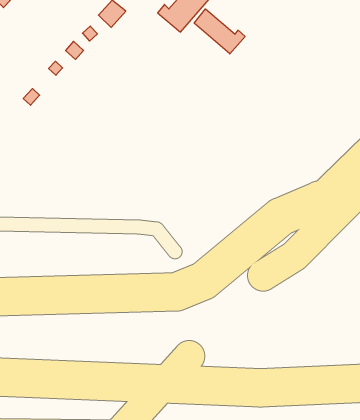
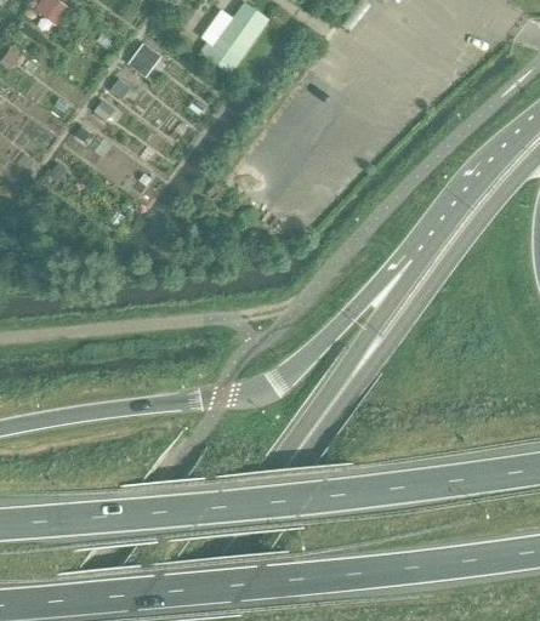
building: [194,9,245,54] -> none

